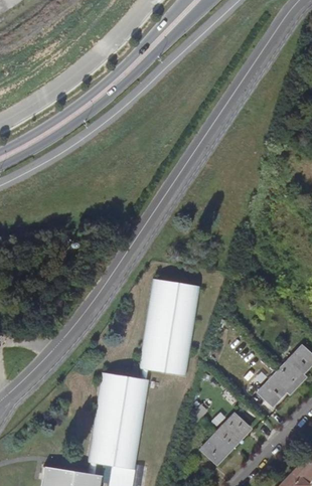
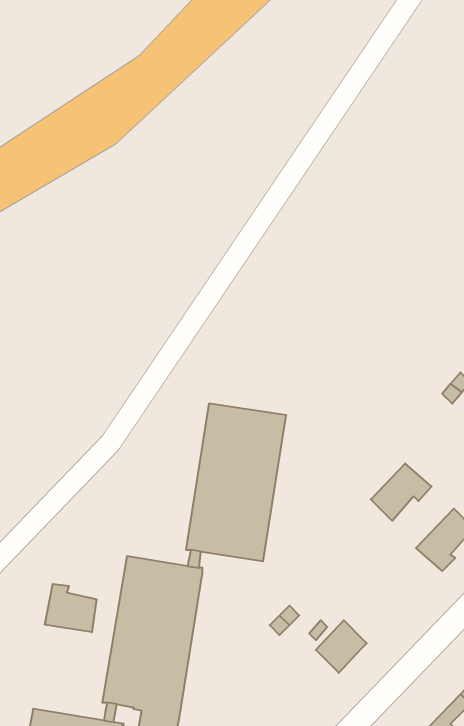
building: [259,368,296,403] -> [371,463,432,521]
building: none -> [45,584,97,632]
building: [201,431,232,462] -> none

